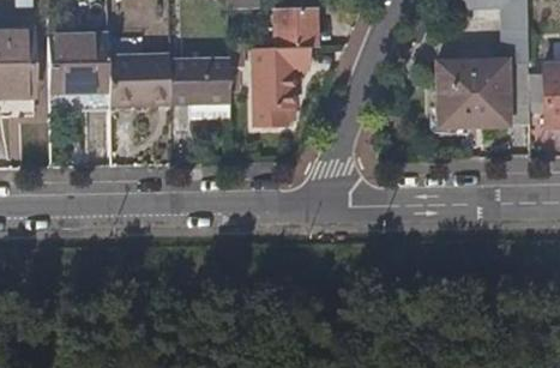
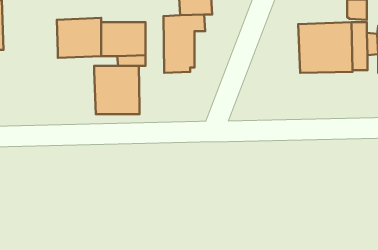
building: [47,34,110,101] -> none
building: none -> [94,66,140,114]

